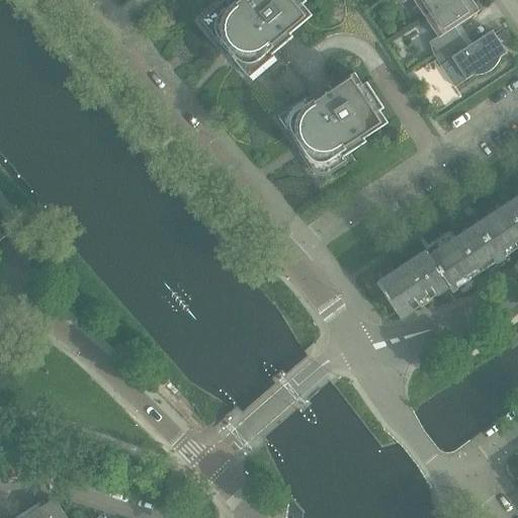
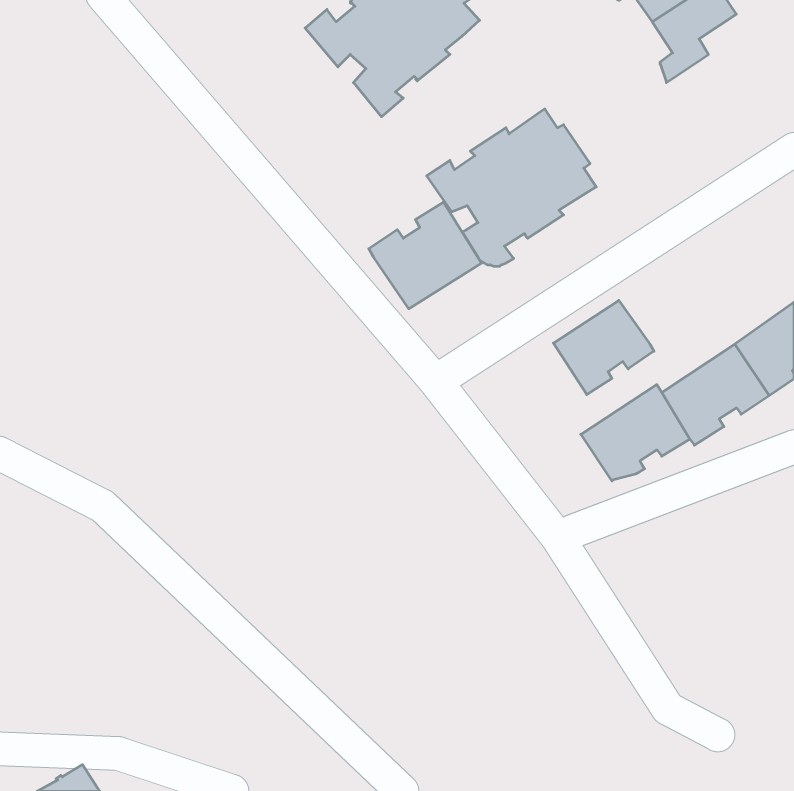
building: [433,28,506,77] -> none
building: none -> [369,202,481,309]
building: none -> [553,300,654,395]

